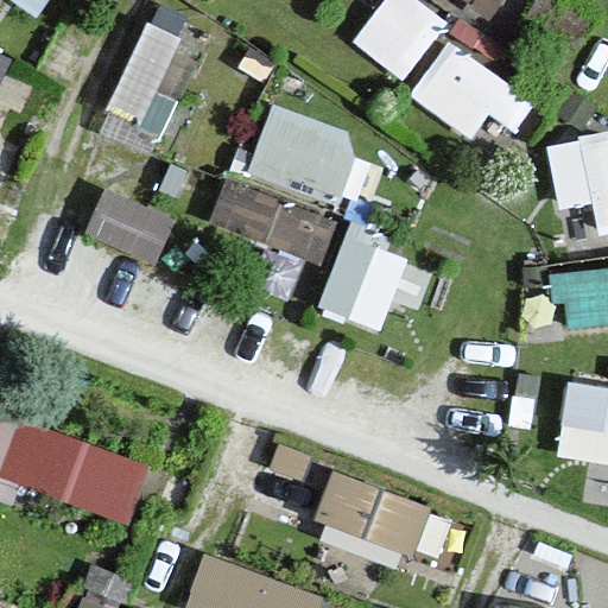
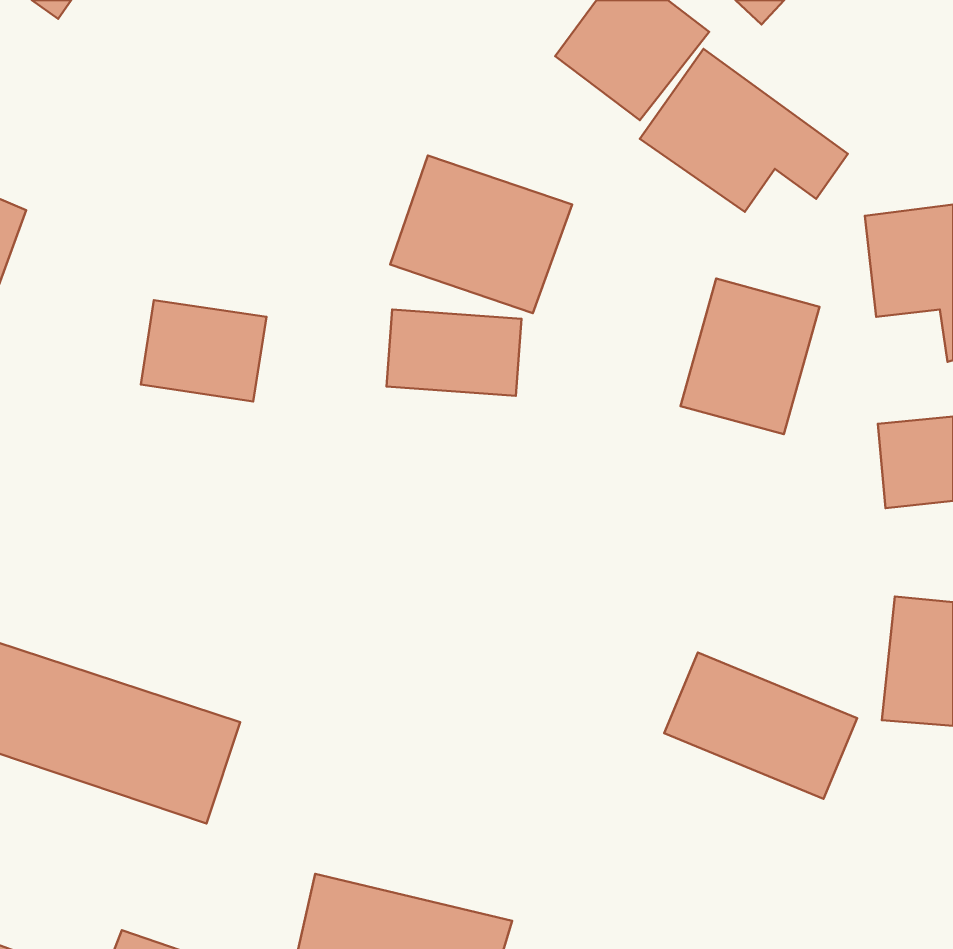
building: [99,20,179,157] -> none
building: [321,232,408,330] -> [681,279,819,434]
building: [314,469,436,562] -> [664,652,857,799]

